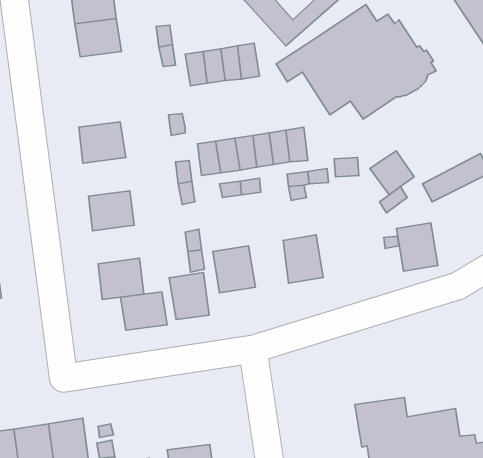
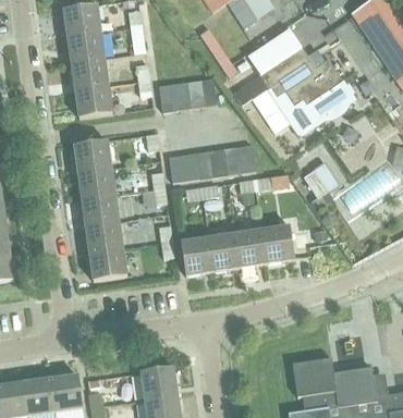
building: none -> [75,84,111,116]
building: none -> [77,168,114,198]
building: [396,223,438,271] -> [261,224,294,262]
building: [169,272,209,319] -> [208,233,240,270]
building: [120,292,167,330] -> [85,221,122,251]
building: none -> [141,367,178,398]

